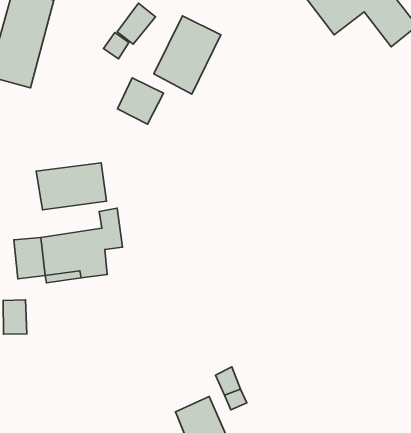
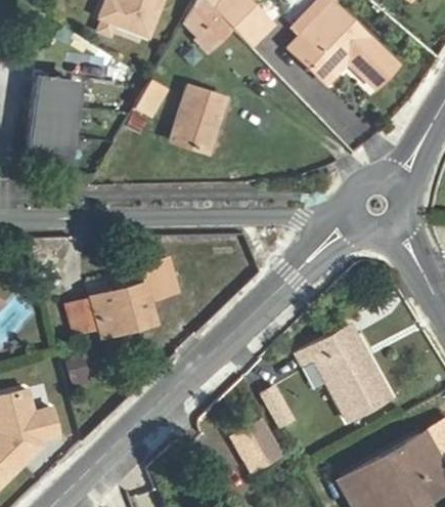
building: [118,78,163,124] -> none
building: [36,163,107,210] -> none
building: none -> [295,323,391,422]

